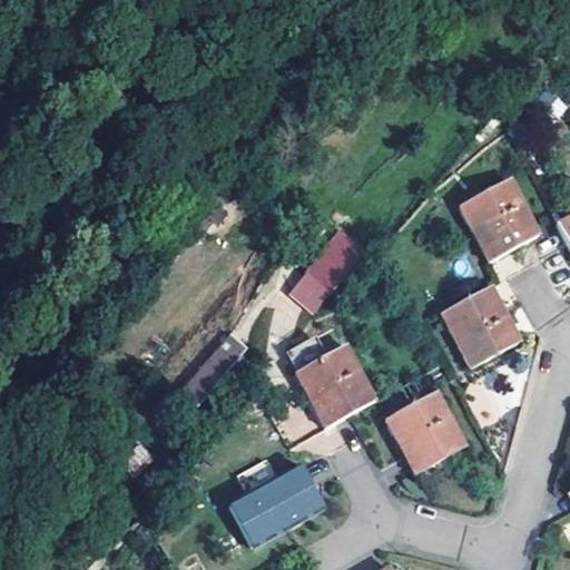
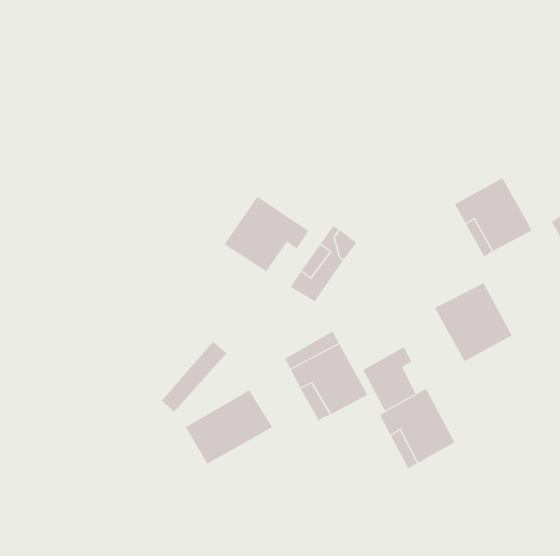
building: none -> [224,196,309,272]
building: none -> [362,347,416,412]
building: [230,469,320,544] -> [185,390,273,465]

